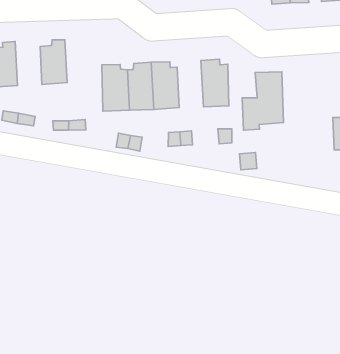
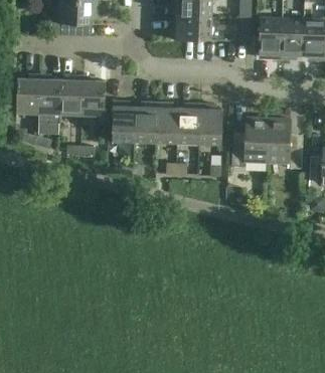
building: none -> [82,75,105,114]
building: none -> [38,73,60,124]
building: none -> [177,102,199,143]
building: none -> [267,118,302,168]

